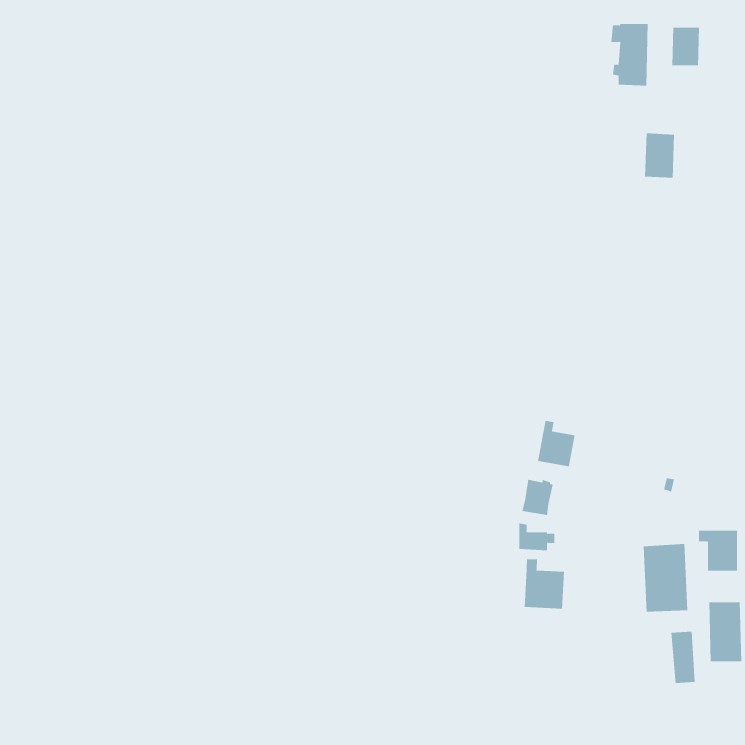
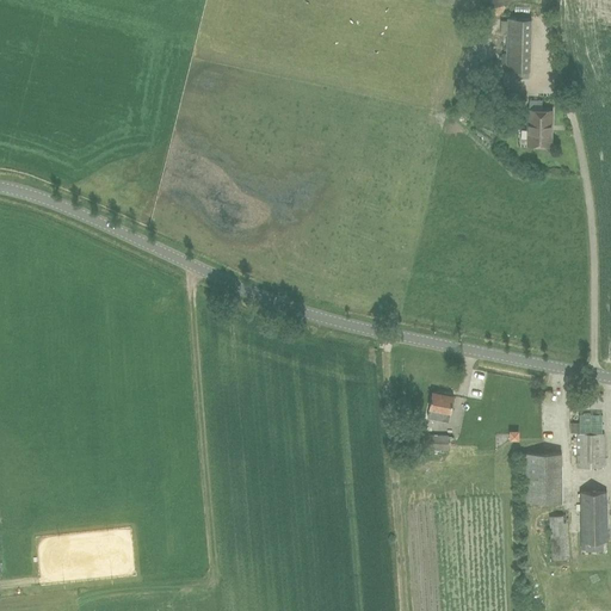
building: [672,27,700,66] -> none
building: [538,420,575,467] -> none
building: [524,558,564,610] -> none

